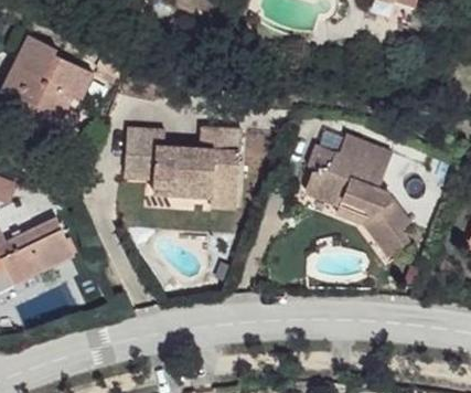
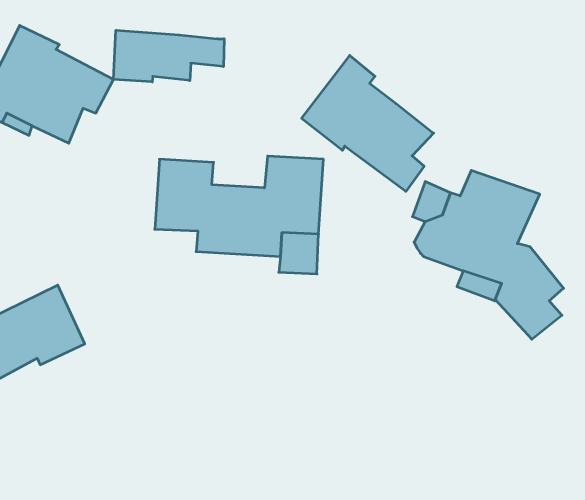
building: none -> [113,30,224,82]
building: none -> [302,55,434,191]

